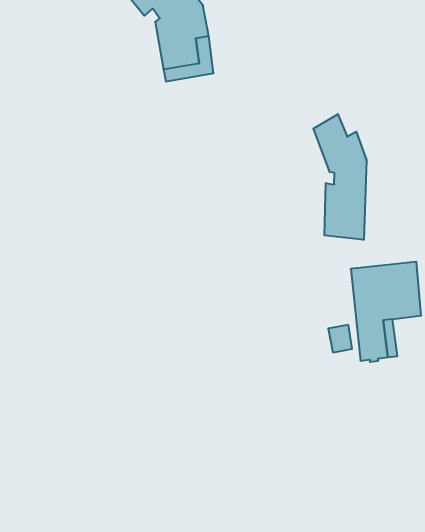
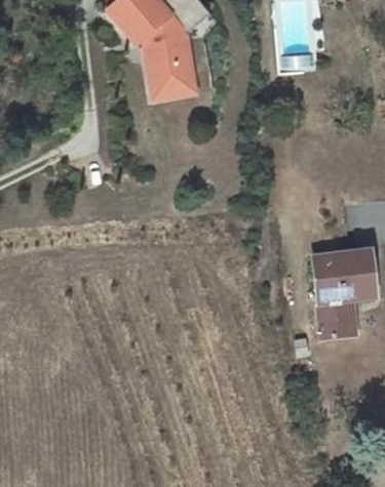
building: [313,114,366,240] -> none

